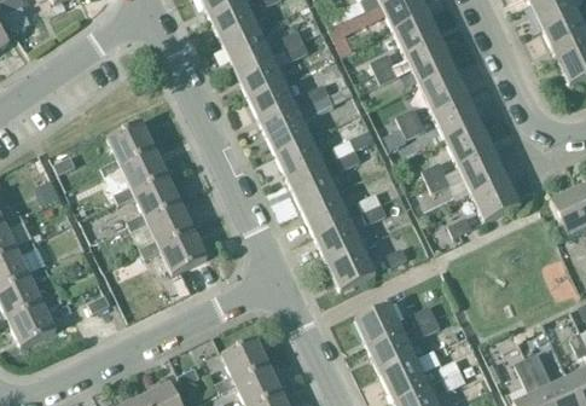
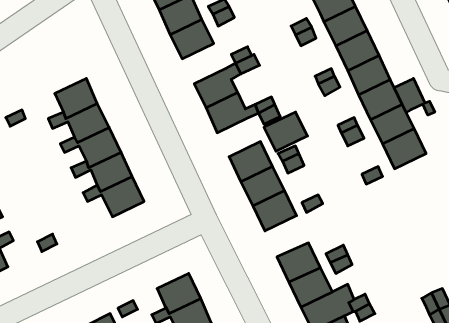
building: [250,82,298,127] -> none
building: none -> [394,78,435,115]
building: [289,164,337,208] -> [264,112,308,151]

